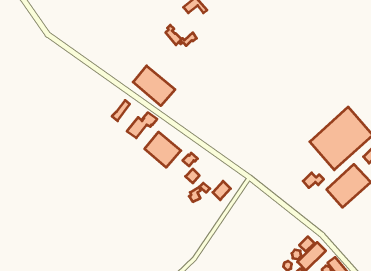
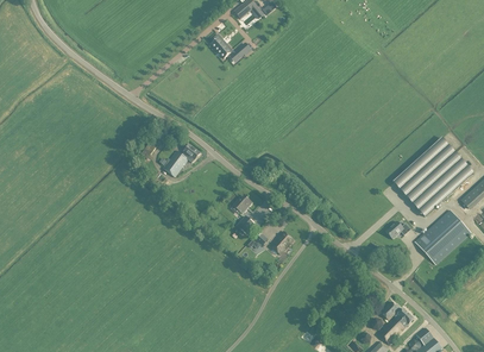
building: [133,66,175,106] -> none
building: [145,132,181,167] -> none

